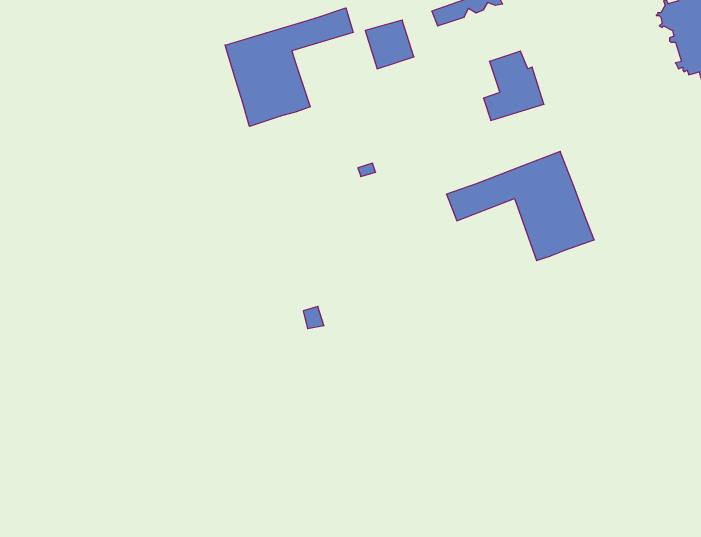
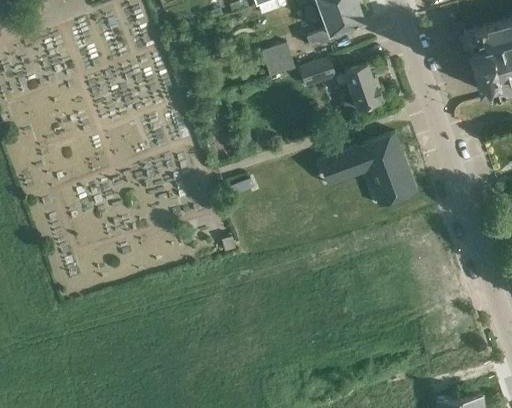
building: [225,8,353,126] -> none
building: none -> [301,59,335,86]

